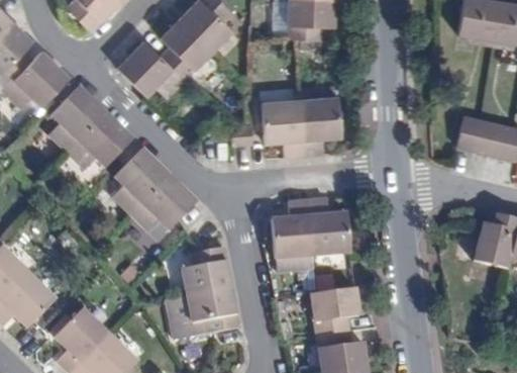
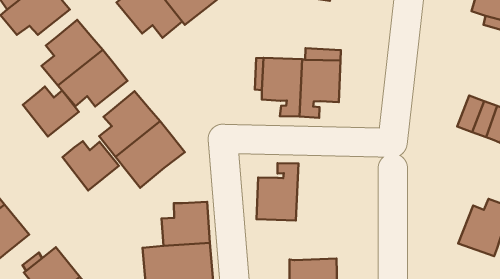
building: none -> [23,86,79,136]
building: [308,199,350,256] -> none
building: none -> [63,141,119,190]

